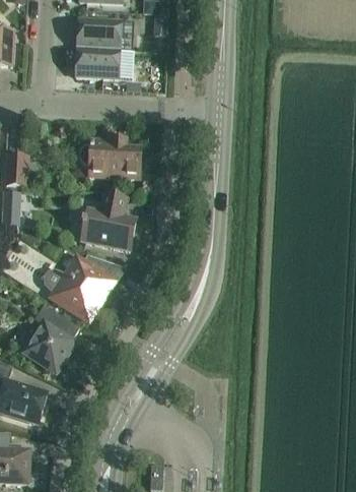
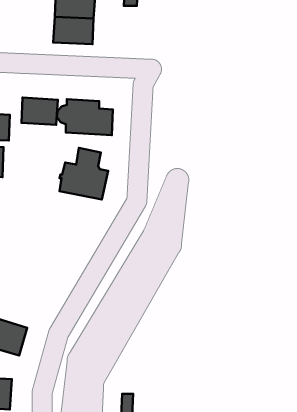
building: none -> [21,98,58,125]
building: [44,254,115,320] -> none
building: [23,304,80,372] -> none

